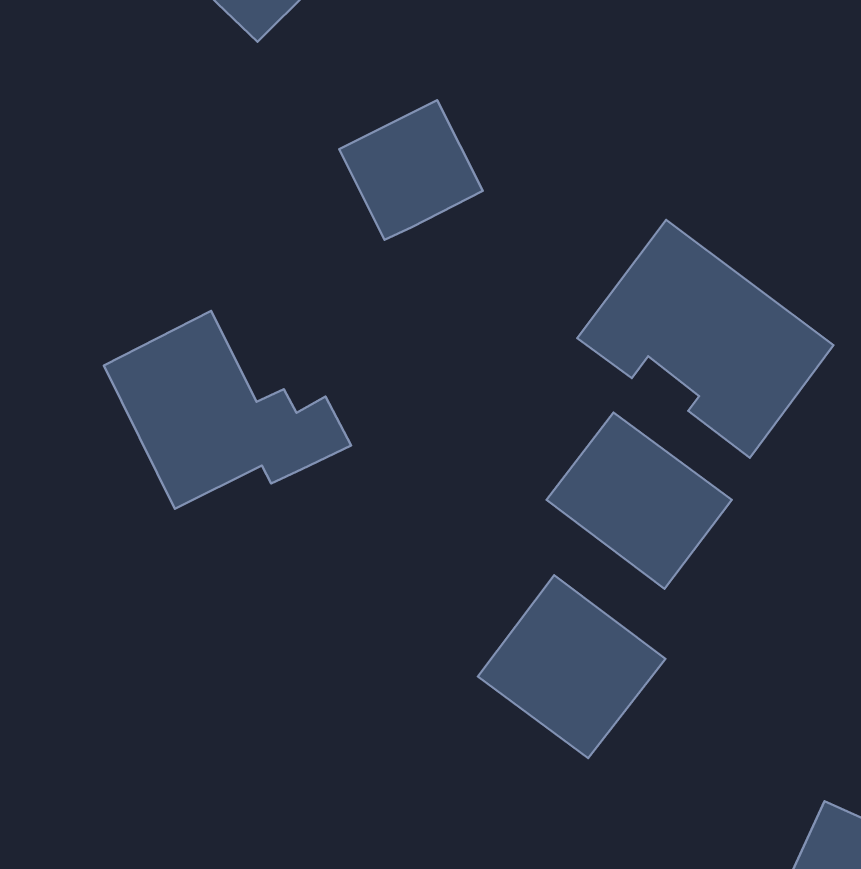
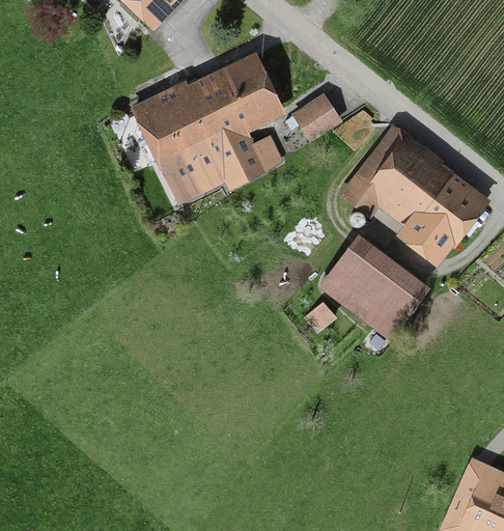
building: none -> [296,94,340,139]
building: [104,311,351,509] -> [141,86,282,199]
building: [478,575,665,758] -> none

